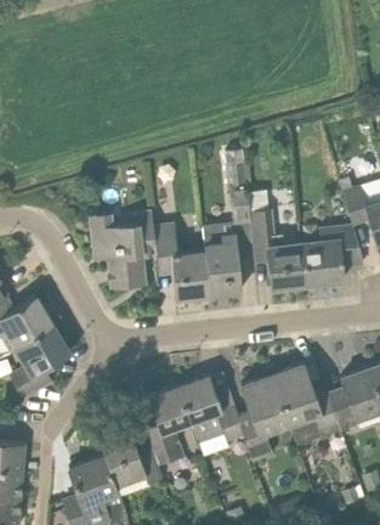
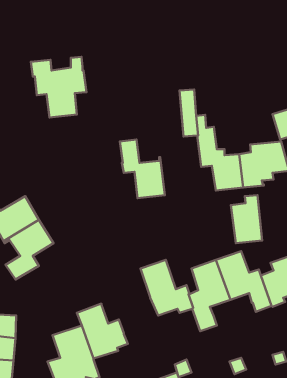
building: [87,210,157,286] -> [31,57,87,118]
building: [203,235,242,294] -> [231,195,262,243]
building: [144,385,191,465] -> none

